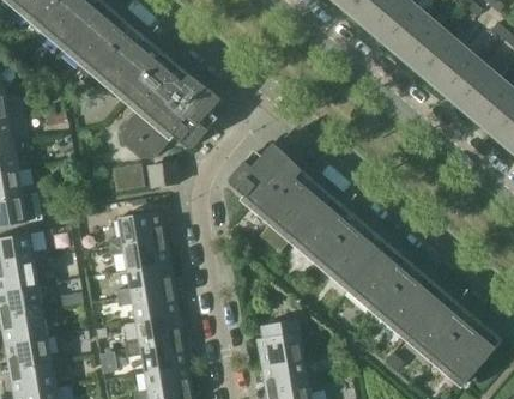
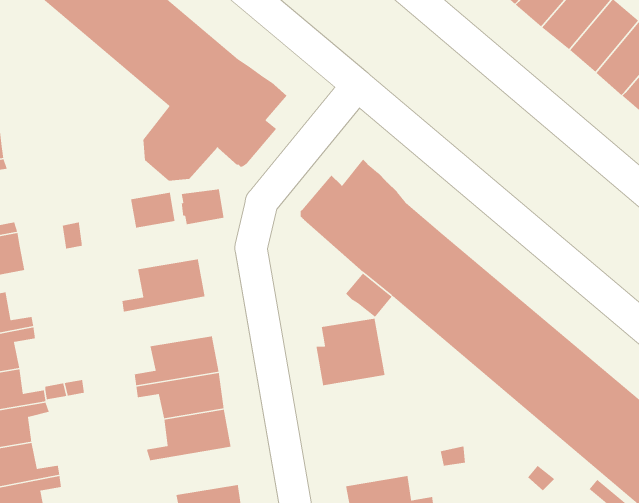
building: [109,237,170,271] -> none
building: [256,320,304,367] -> [316,318,386,386]
building: [127,340,188,373] -> none

